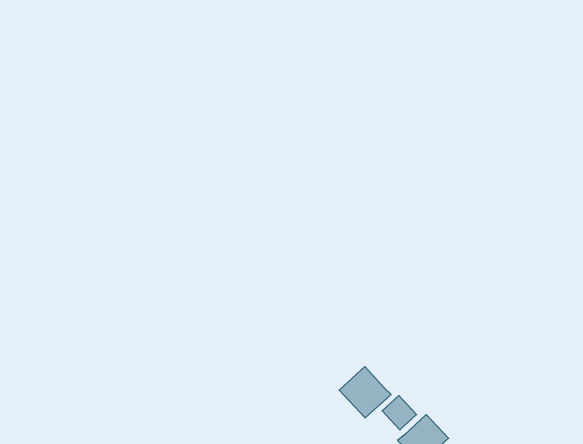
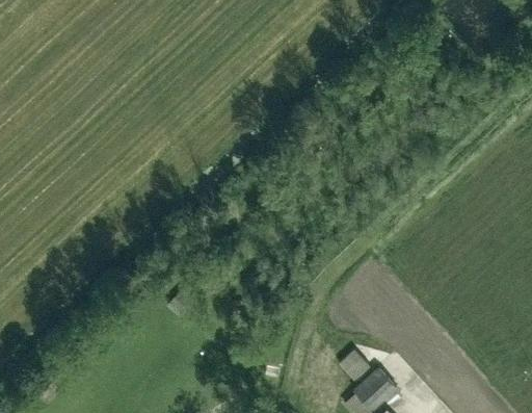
building: [339,367,391,418] -> none

